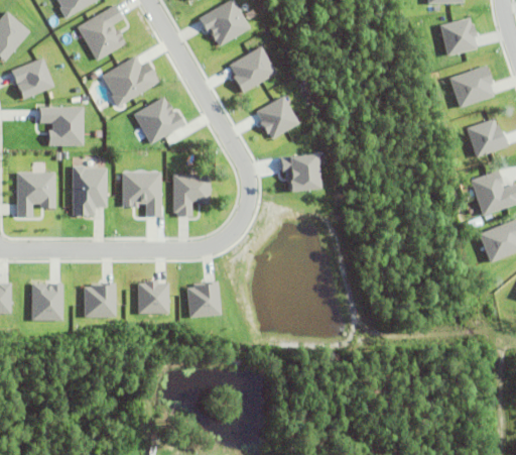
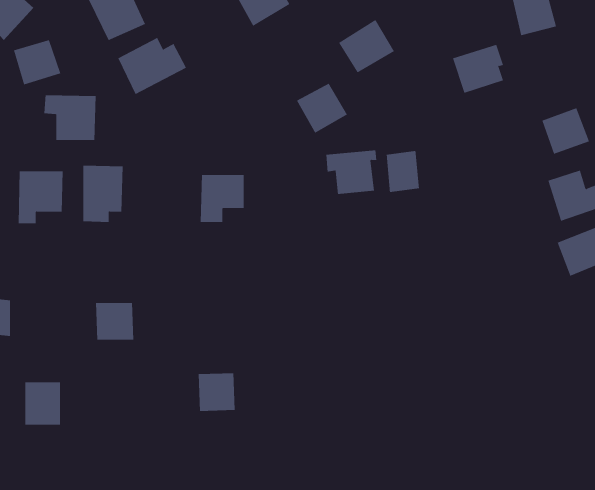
building: [228,45,276,92] -> [338,19,395,73]
building: [449,65,494,107] -> [452,44,504,93]
building: [134,97,186,144] -> none
building: none -> [386,150,419,193]
building: [121,172,161,217] -> none
building: [137,281,168,314] -> none
building: [31,283,62,321] -> [24,382,61,425]
building: [187,283,220,317] -> [198,373,235,411]

